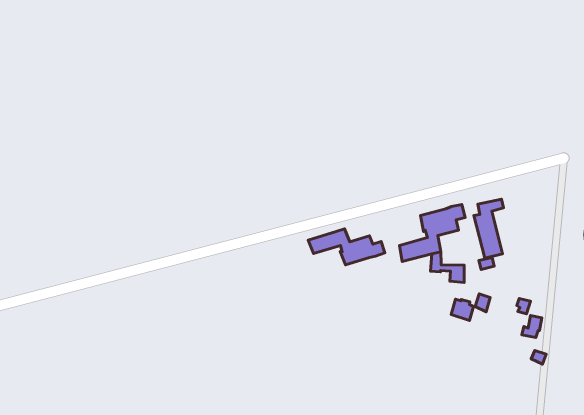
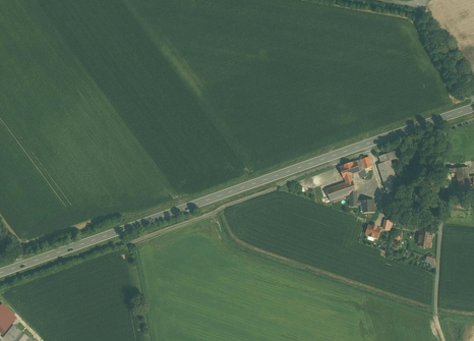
building: [308,229,385,265] -> none

